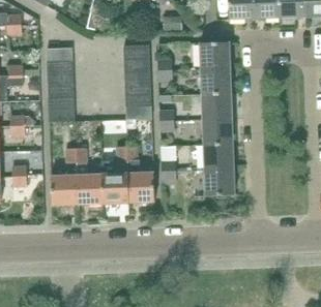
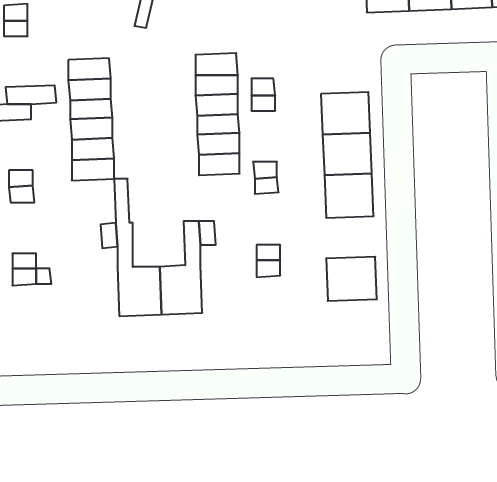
building: [200,41,230,68] -> none
building: [204,143,234,168] -> none
building: [127,172,154,202] -> none
building: [51,174,78,205] -> none

